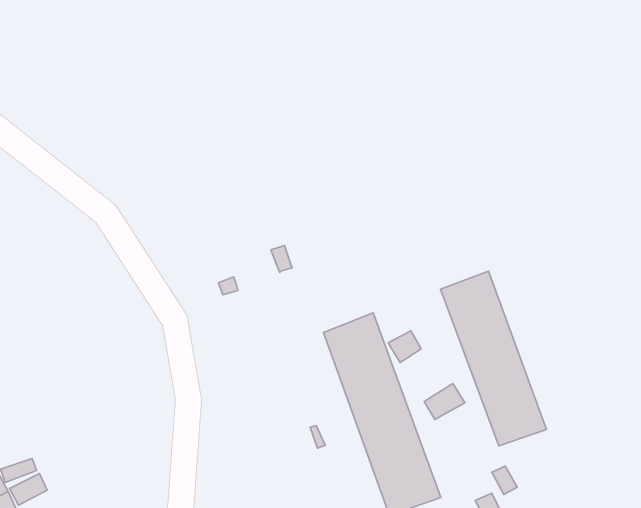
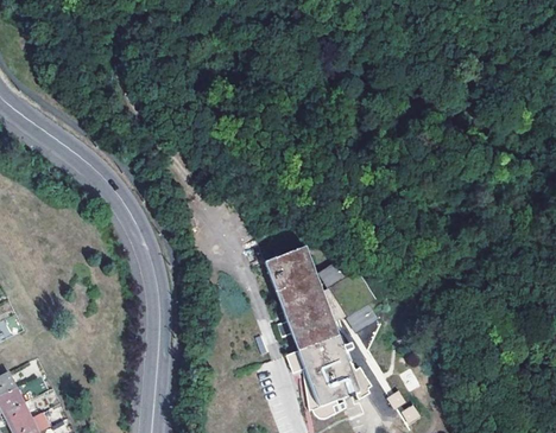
building: [440,271,546,446] -> none

